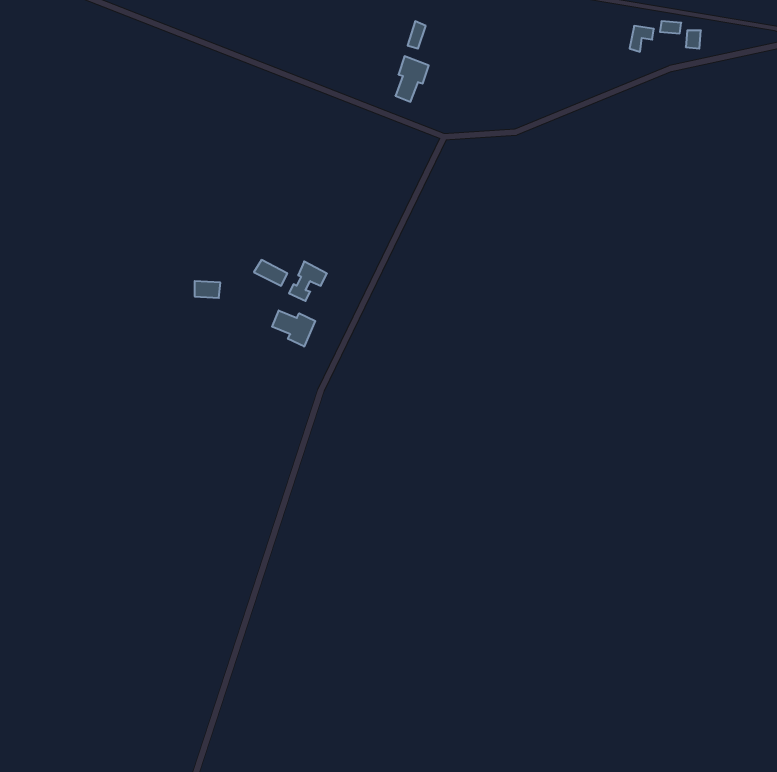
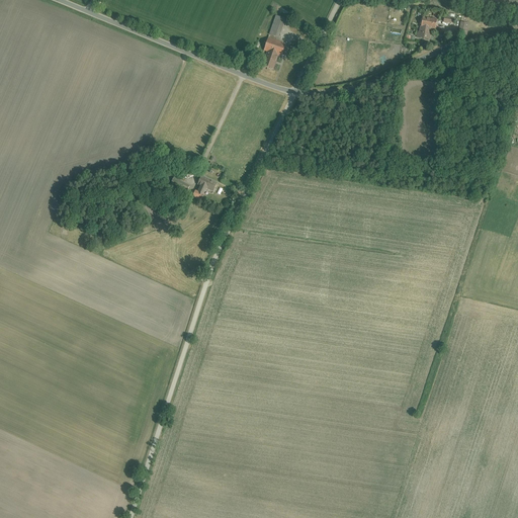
building: [272,310,315,347] -> none

